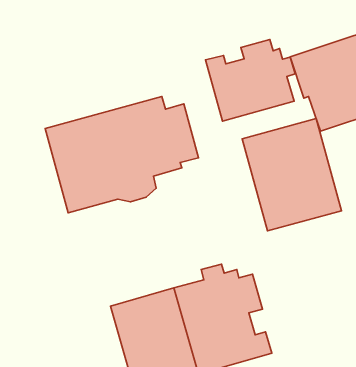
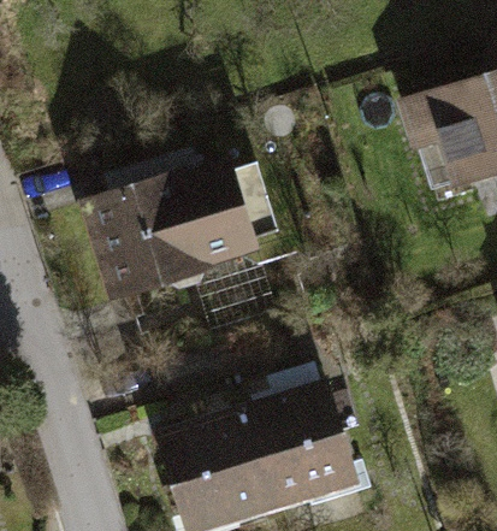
building: [206,40,295,121] -> none
building: [242,119,342,231] -> none

